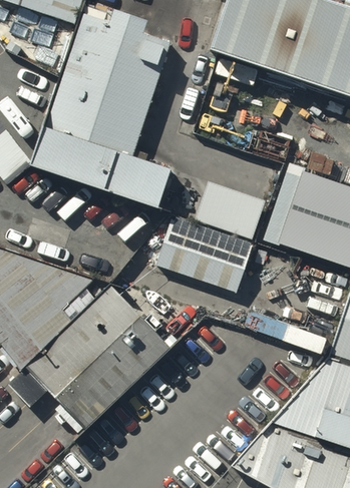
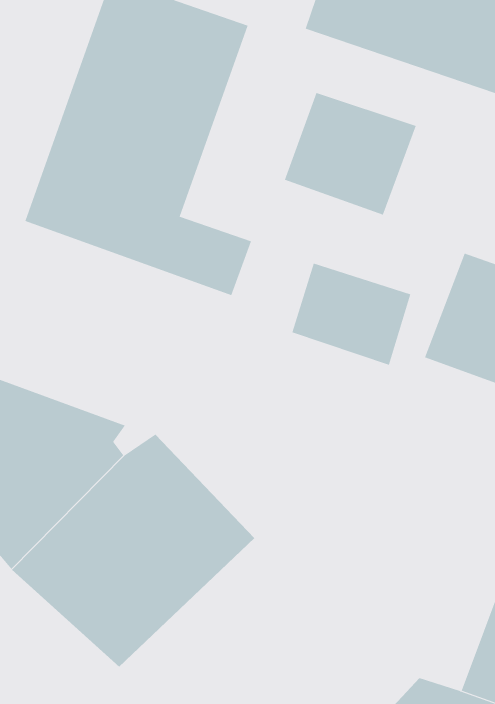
building: none -> [284,92,417,215]
building: [154,218,252,293] -> none

